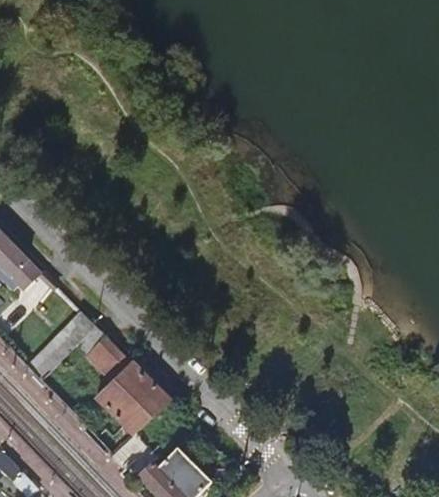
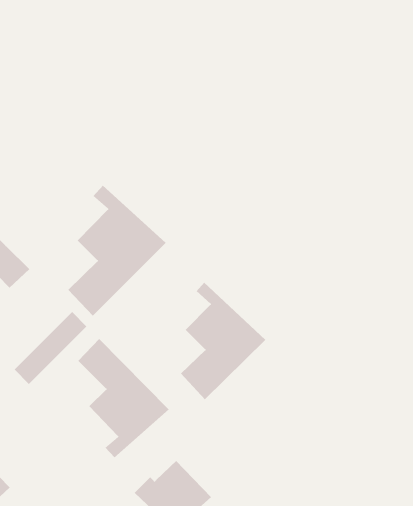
building: none -> [68,185,167,316]
building: none -> [180,282,266,400]

